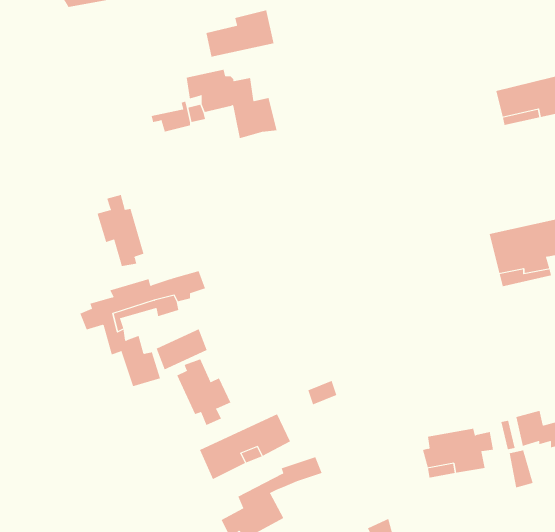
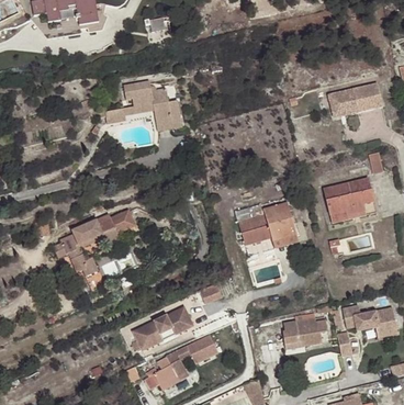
building: [206,10,274,57] -> none
building: [97,194,144,267] -> none
building: none -> [235,202,295,245]
building: [177,359,231,426] -> none

